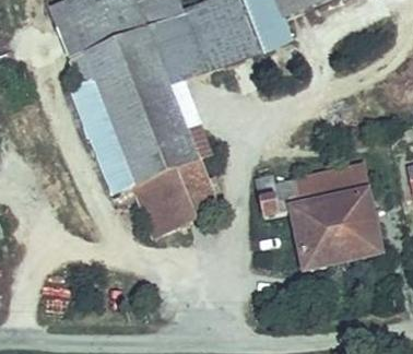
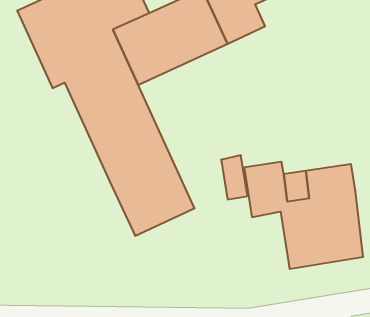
building: [72,85,139,193] -> none

